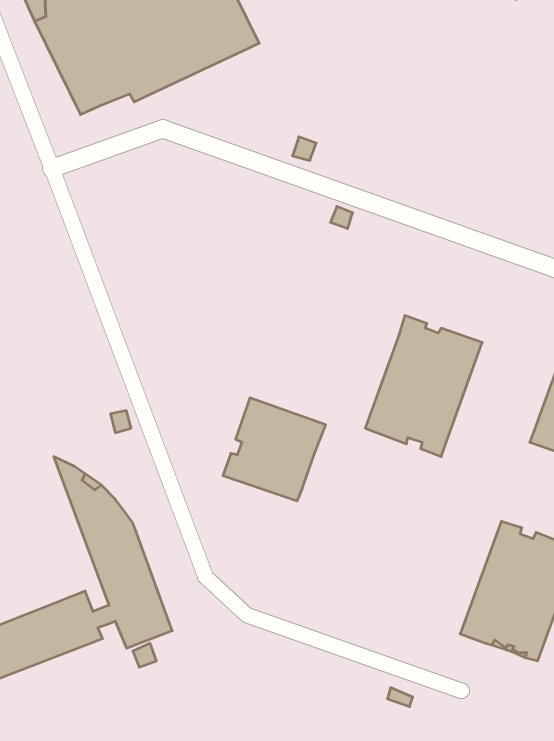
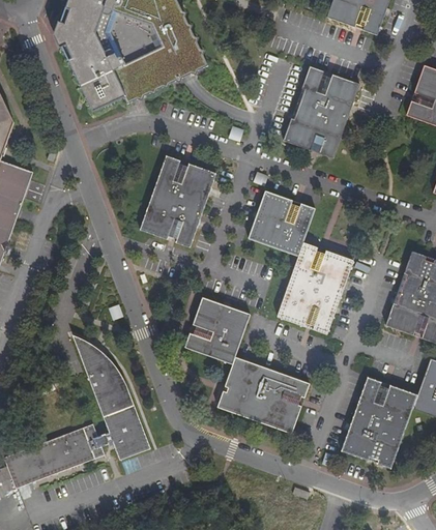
building: none -> [282,65,359,157]
building: none -> [139,154,216,246]
building: none -> [248,189,315,256]
building: none -> [216,356,309,433]

